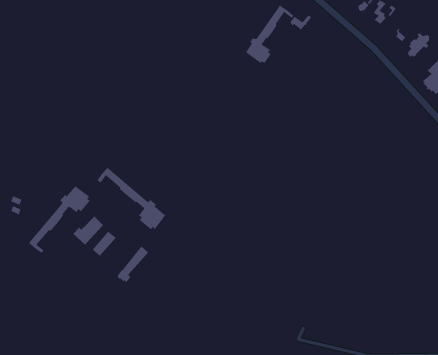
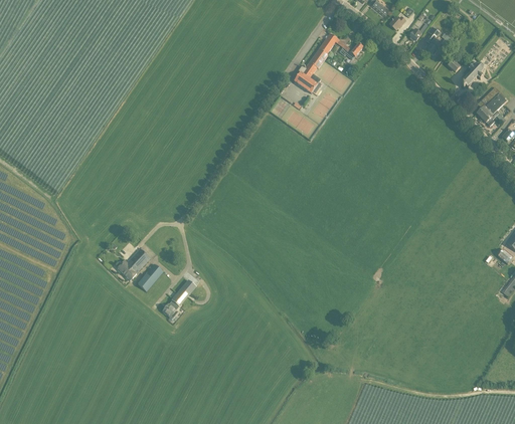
building: [97,167,166,230] -> none
building: [28,185,91,253] -> none

